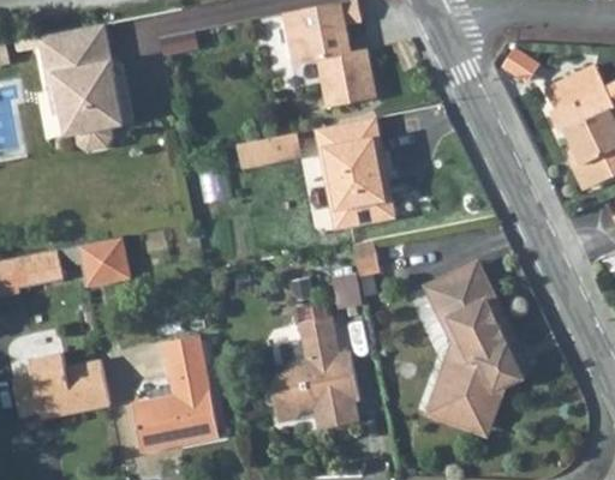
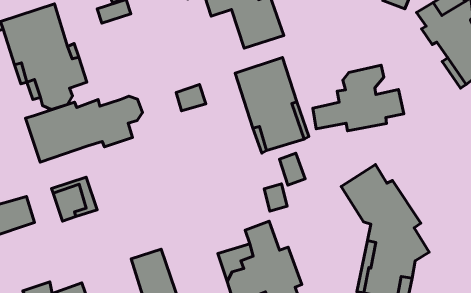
building: none -> [313,65,404,131]
building: none -> [26,96,142,162]

